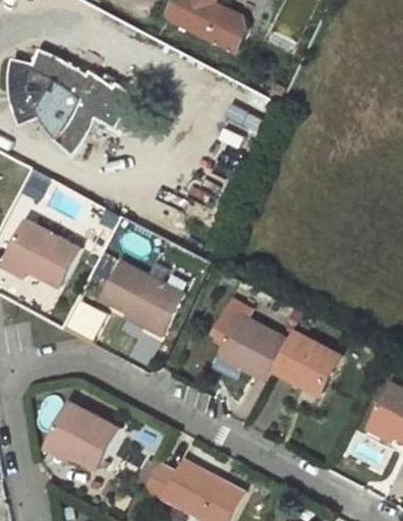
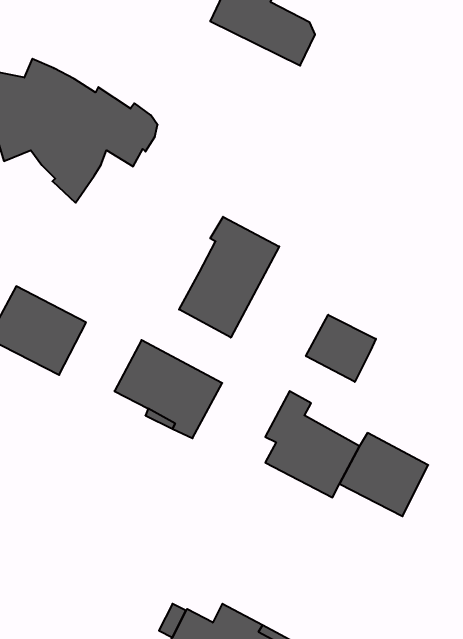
building: none -> [179,217,279,338]
building: none -> [306,315,376,382]
building: [43,403,116,468] -> none

